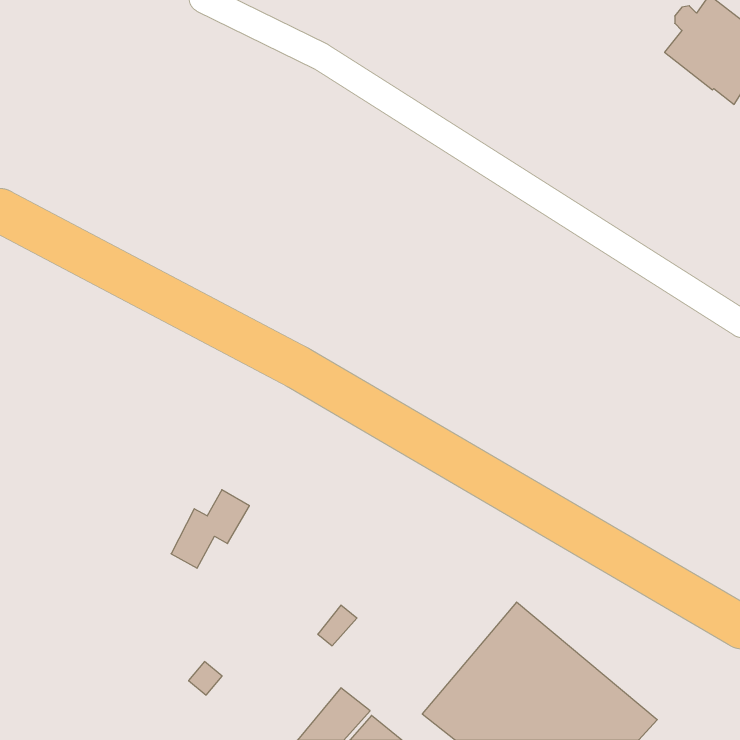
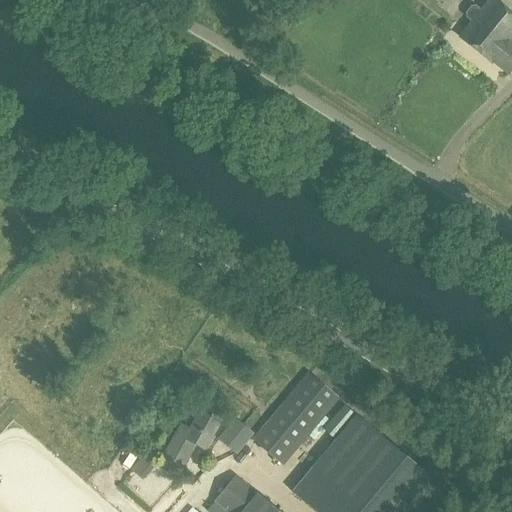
building: [171,490,249,568] -> [165,411,219,465]
building: none -> [252,371,340,464]

